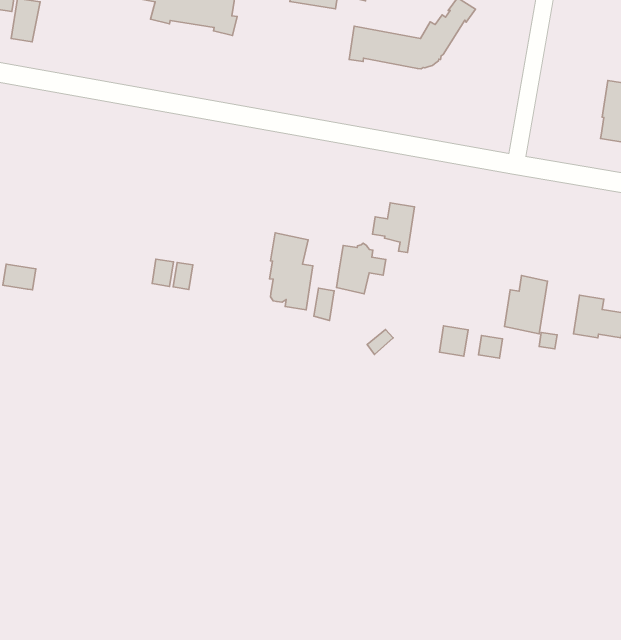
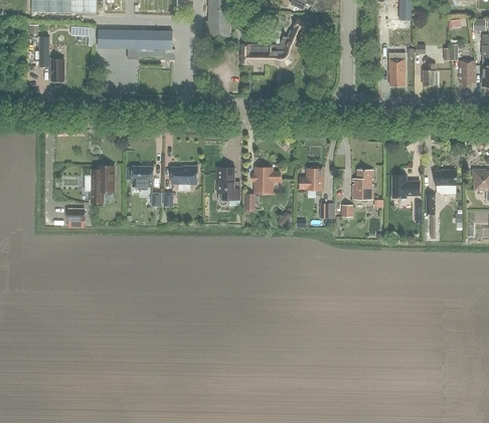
building: none -> [86,165,114,202]
building: [373,203,415,252] -> [300,168,321,194]
building: none -> [126,165,153,186]
building: none -> [171,165,197,183]

